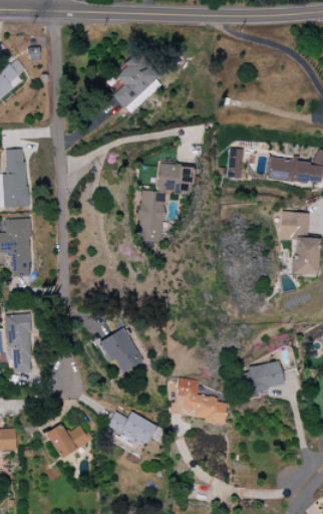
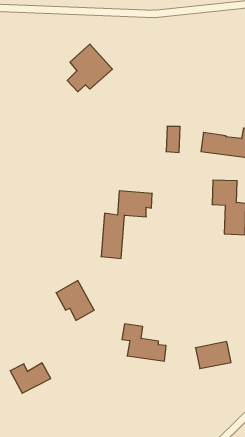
building: [138,164,198,242] -> [101,191,152,258]
building: [244,361,285,393] -> [195,342,231,369]
building: [107,411,157,447] -> none

